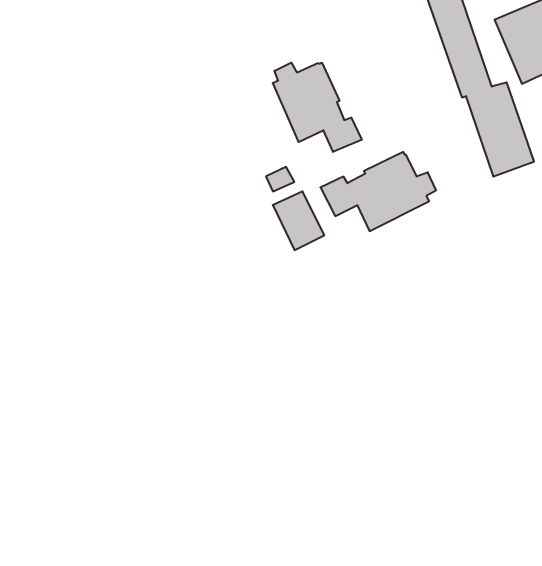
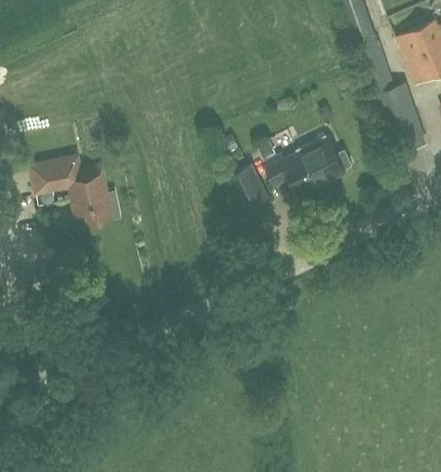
building: [273,63,362,152] -> none
building: none -> [31,157,120,223]

